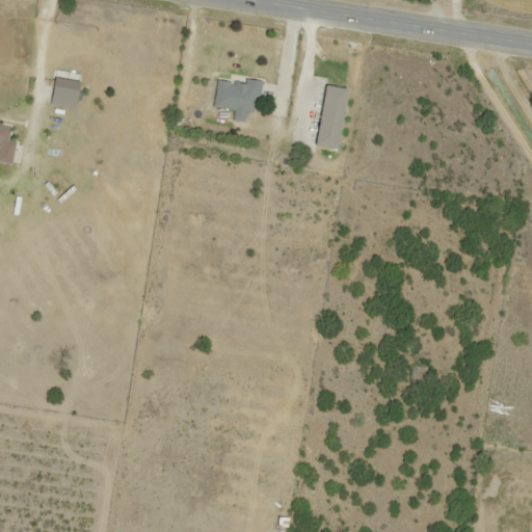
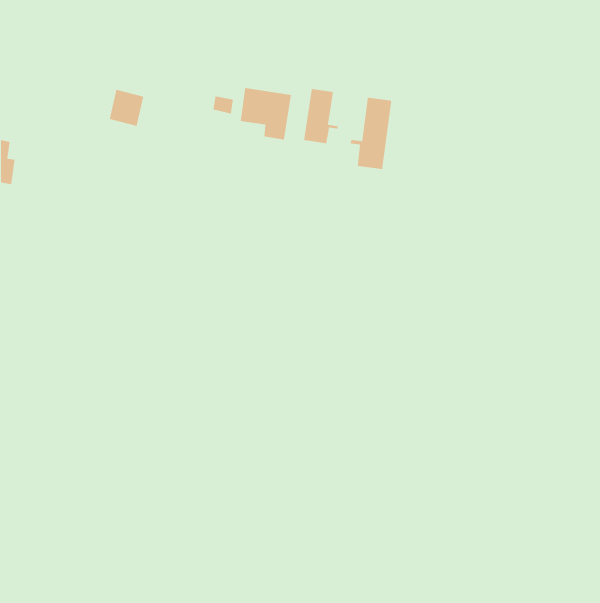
building: [51,76,82,109] -> [109,89,144,127]
building: none -> [303,88,338,144]

